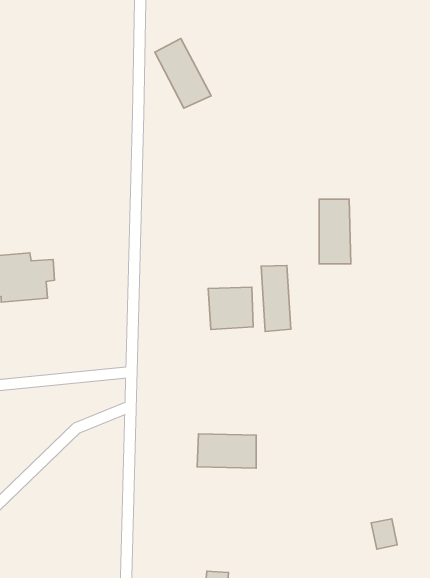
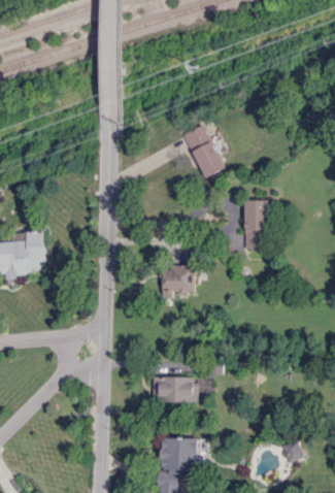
building: [155,38,211,108] -> [182,125,225,177]
building: [261,265,291,332] -> none
building: none -> [161,437,198,473]

